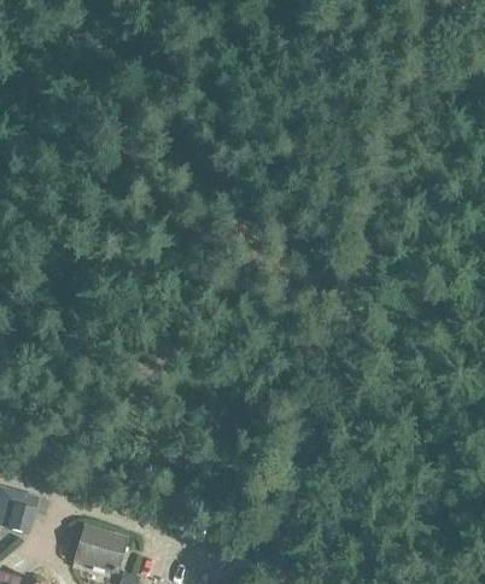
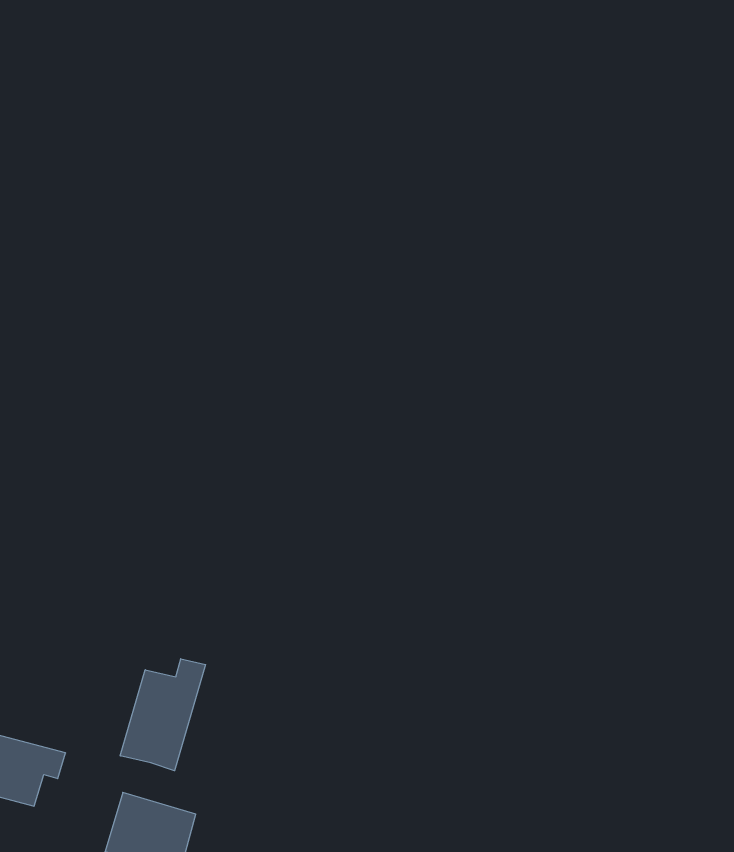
building: none -> [120,659,206,771]

